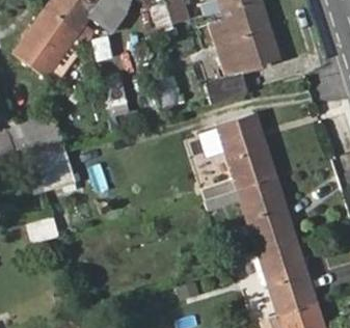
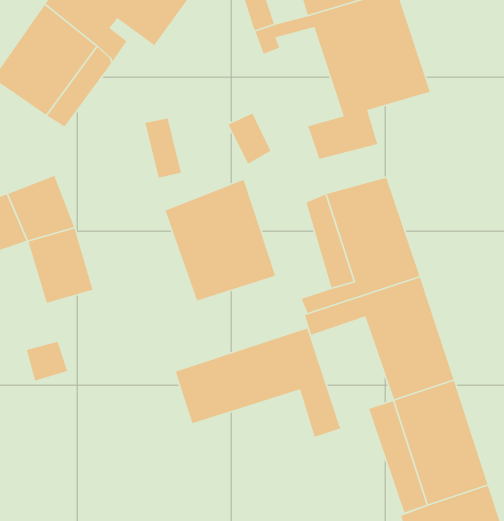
building: none -> [165,179,276,301]
building: none -> [175,327,342,438]

